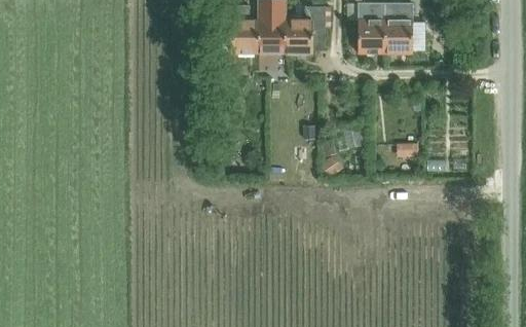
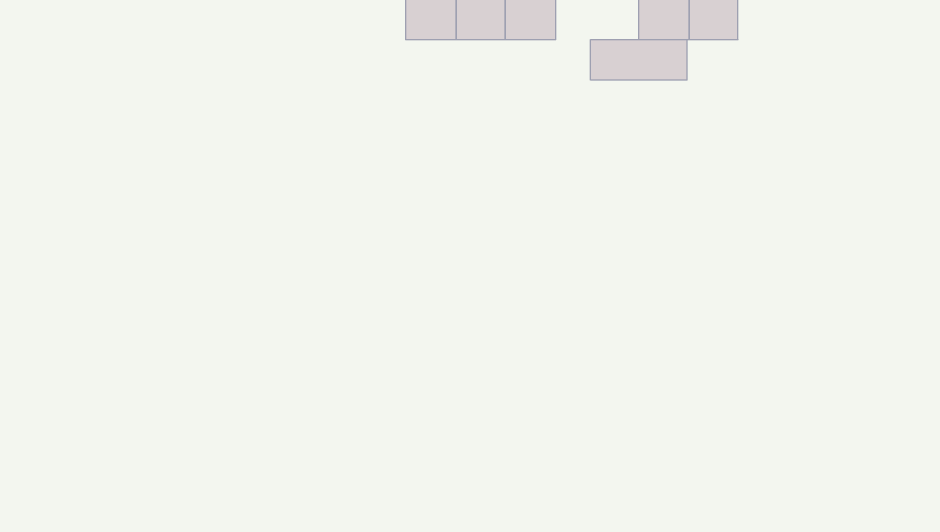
building: none -> [591,40,687,80]

